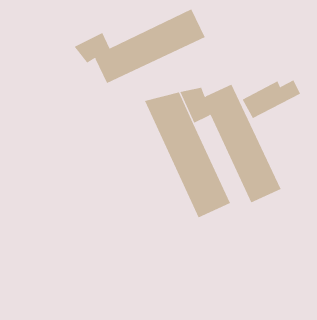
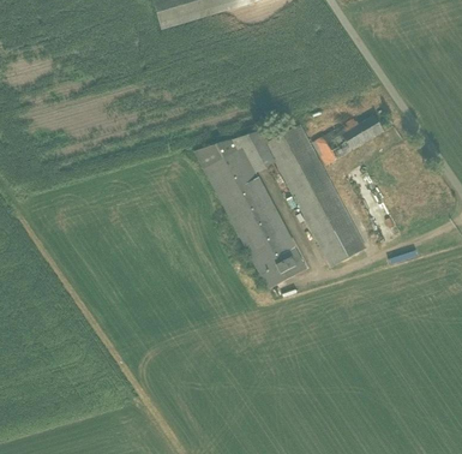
building: [74,9,205,84] -> none

